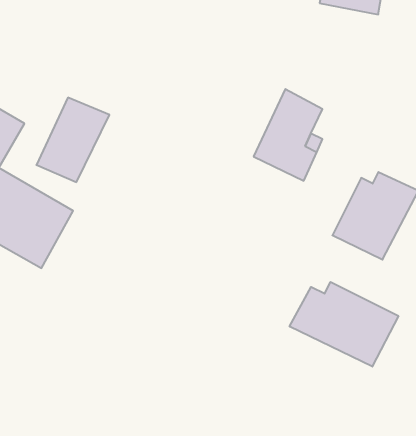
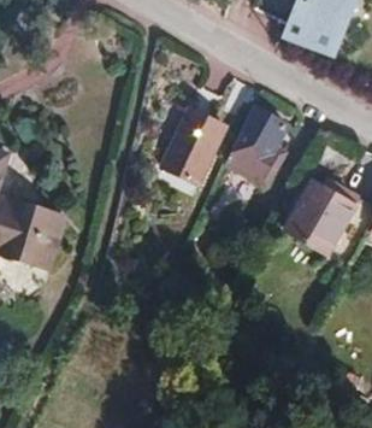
building: [36,98,109,182] -> [161,115,223,186]
building: [290,282,398,367] -> none

